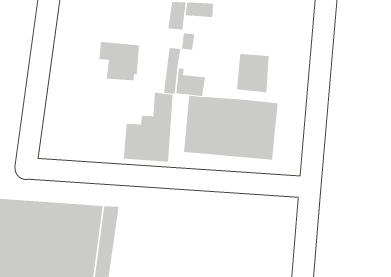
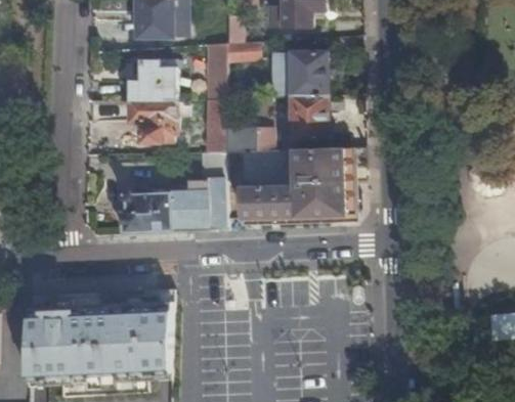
building: none -> [129,58,176,99]
building: none -> [271,51,327,96]
building: none -> [118,187,171,233]

